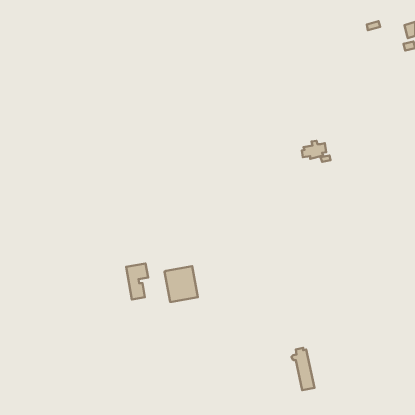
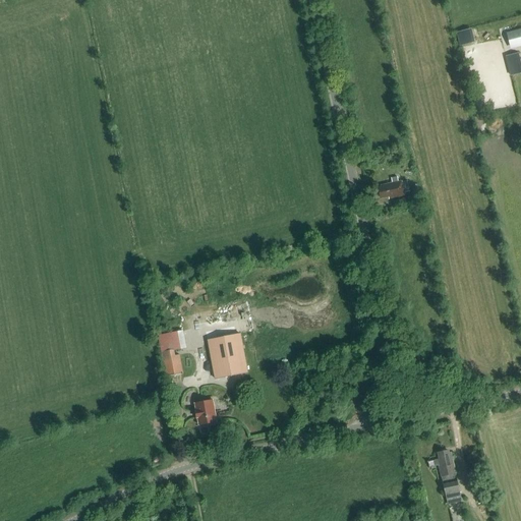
building: none -> [193,399,217,425]
building: [292,348,314,390] -> [432,450,461,503]

